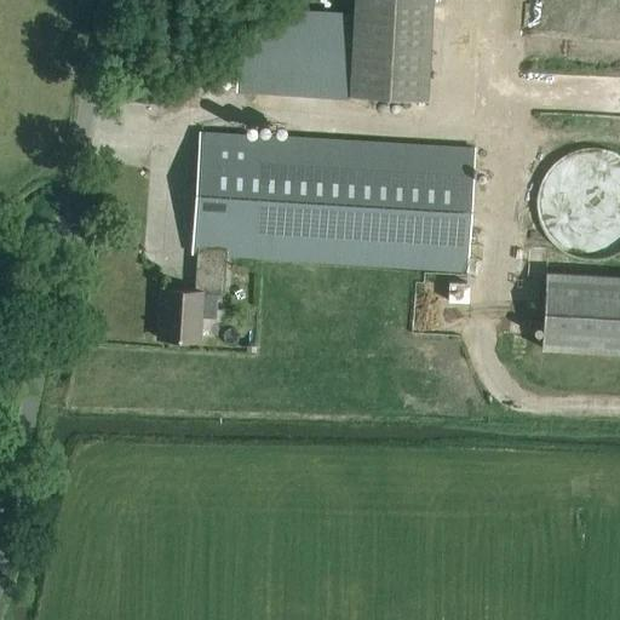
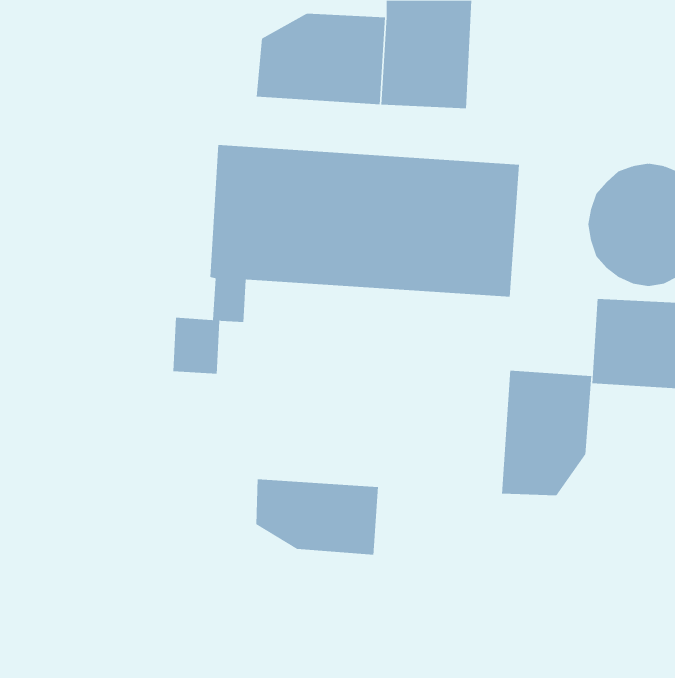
building: none -> [501,370,592,496]
building: none -> [256,478,379,556]

